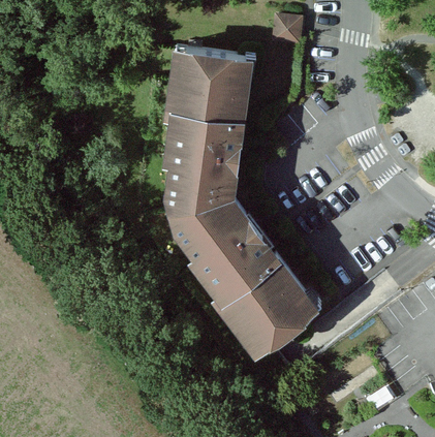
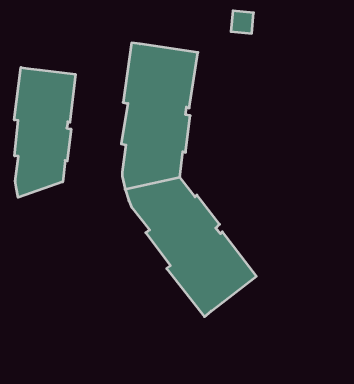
building: none -> [14,67,75,197]

